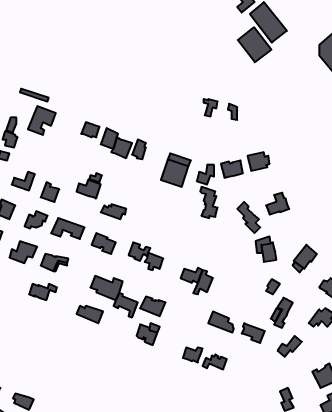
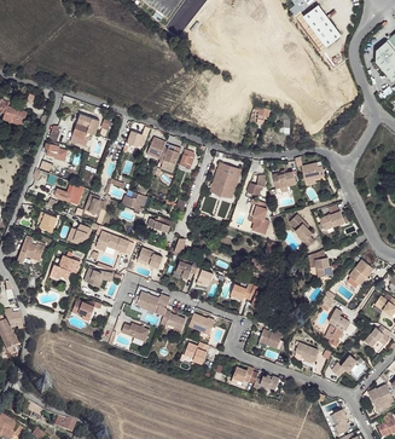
building: [238,27,271,62] -> none

